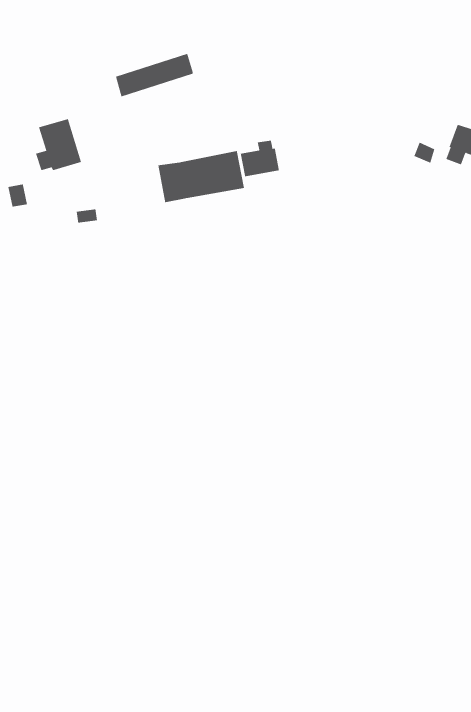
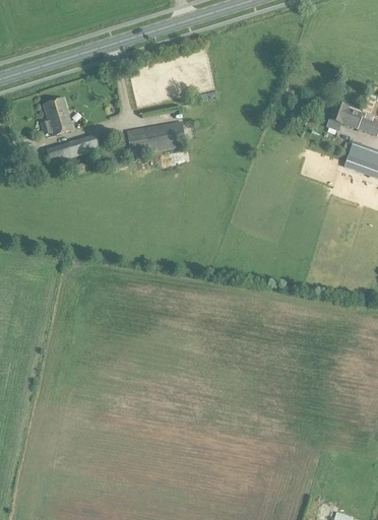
building: [115,53,194,97] -> [47,132,102,162]
building: [240,140,280,177] -> none

